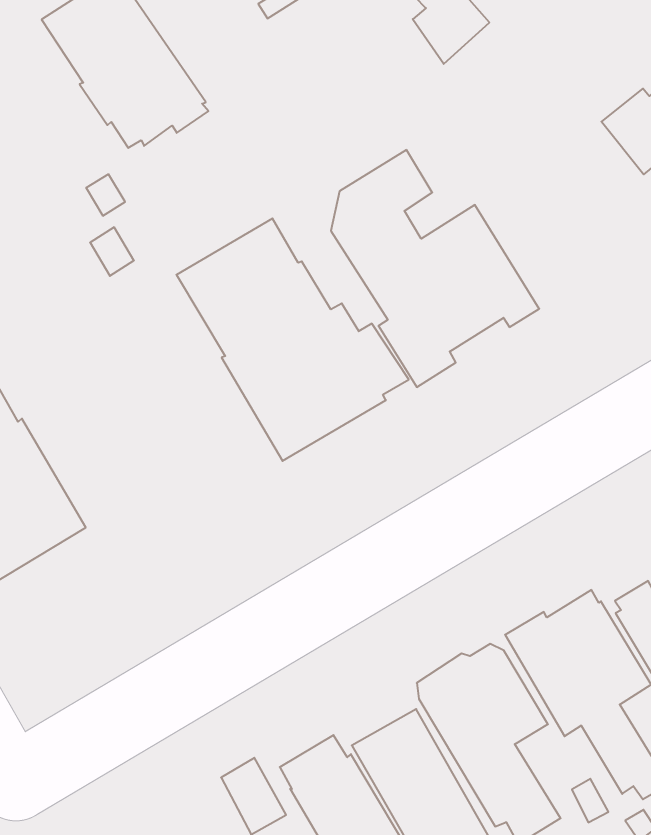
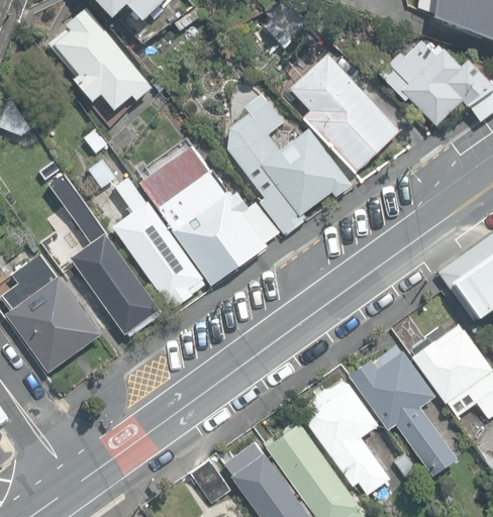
building: none -> [290,54,400,174]
building: none -> [50,174,163,336]
building: none -> [112,178,205,307]

